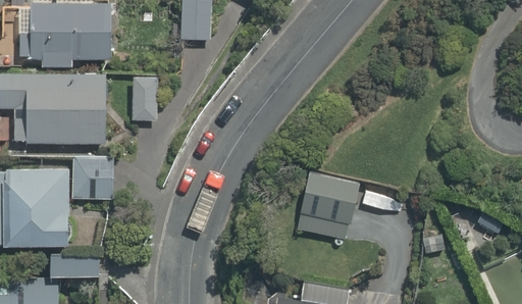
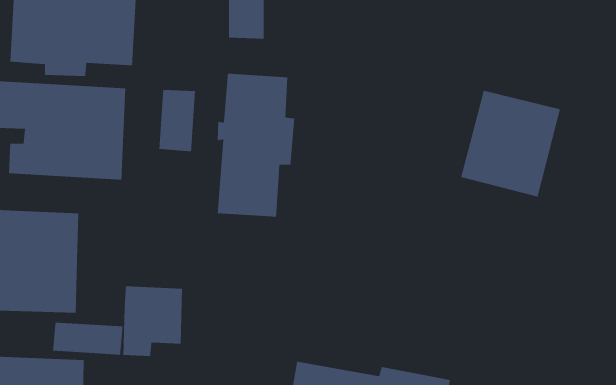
building: none -> [217,73,295,218]
building: [67,154,113,208] -> [123,285,183,357]
building: [286,168,363,250] -> [460,90,561,198]

